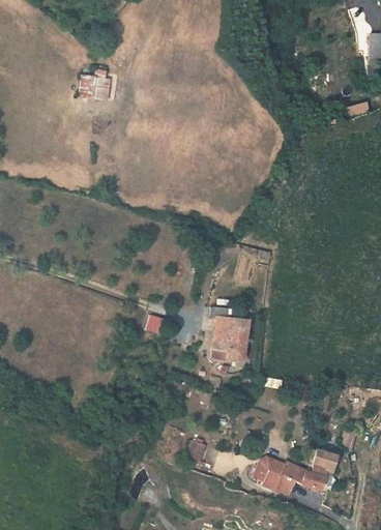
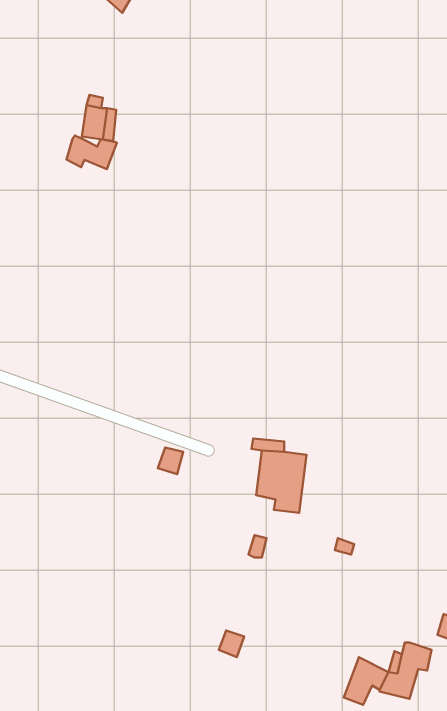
building: none -> [66,135,117,169]
building: [253,455,284,489] -> none

